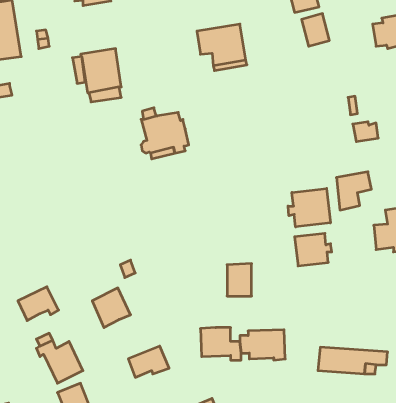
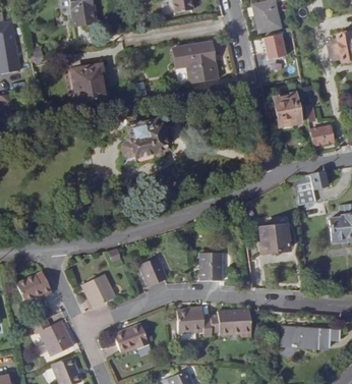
building: none -> [276,95,299,124]
building: [288,188,330,227] -> none
building: none -> [139,257,167,286]

